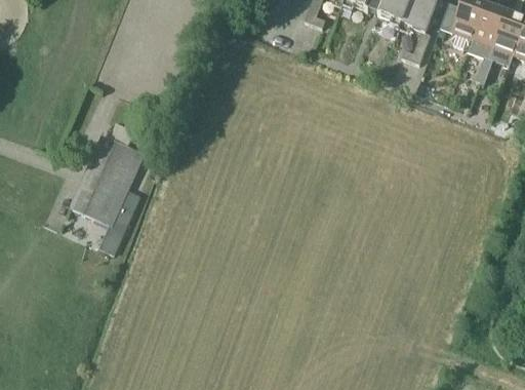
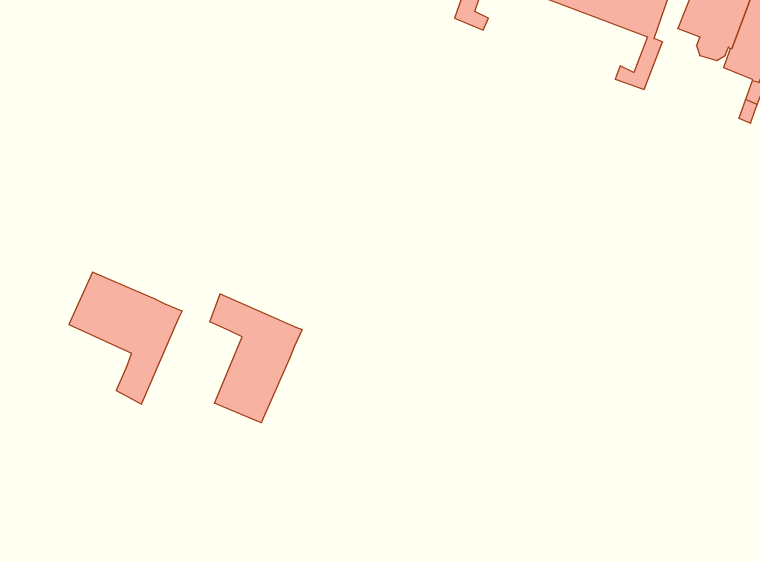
building: [86,132,143,190] -> none
building: none -> [210,294,302,423]

